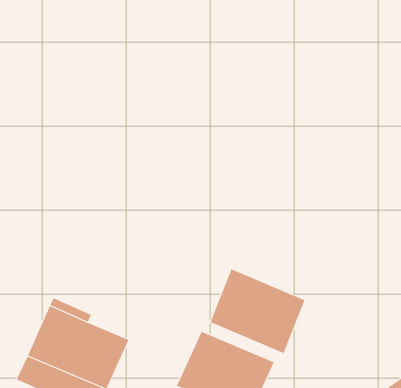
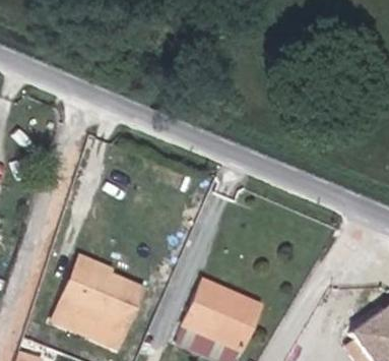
building: [210,269,305,354] -> none

